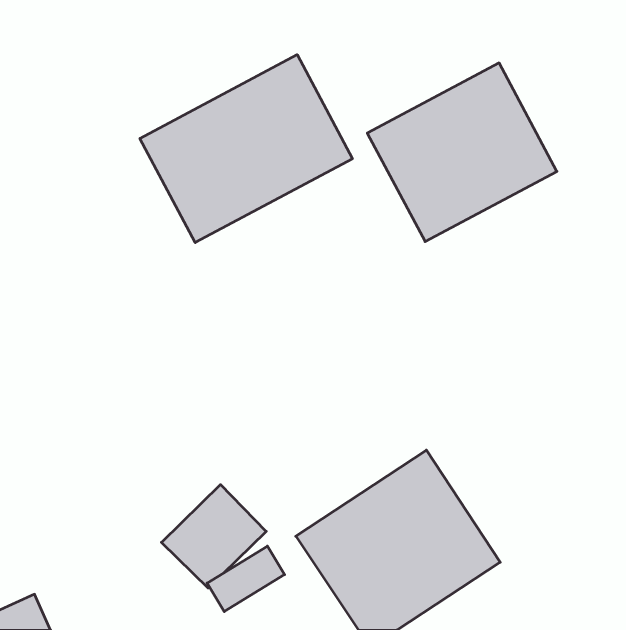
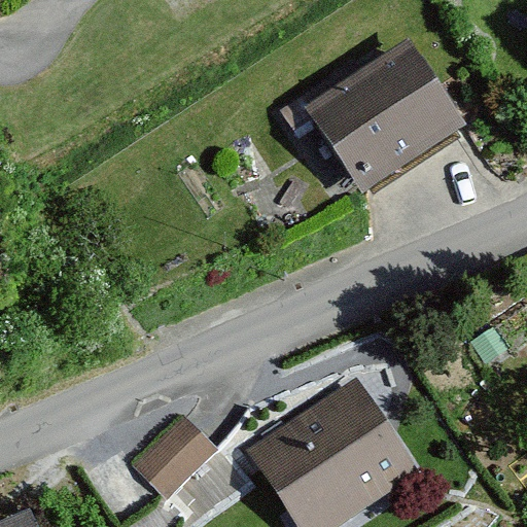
building: [140,55,352,243] -> none

